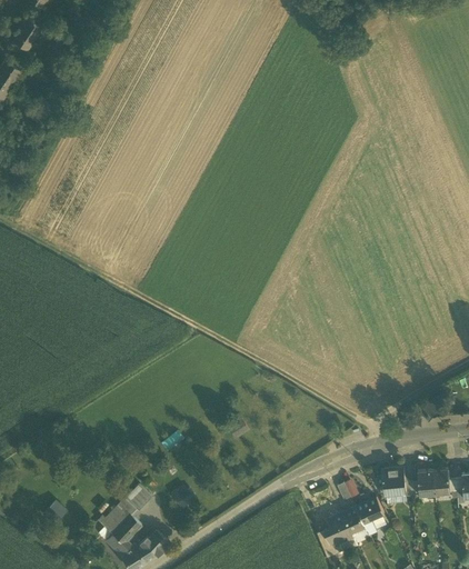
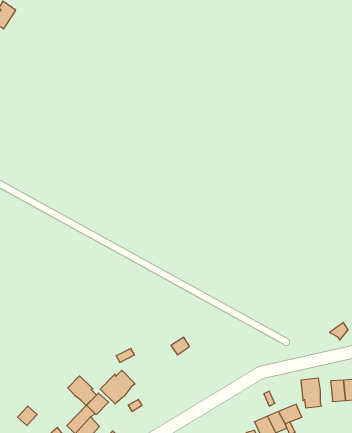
building: none -> [100,370,135,404]
building: none -> [68,376,96,406]

